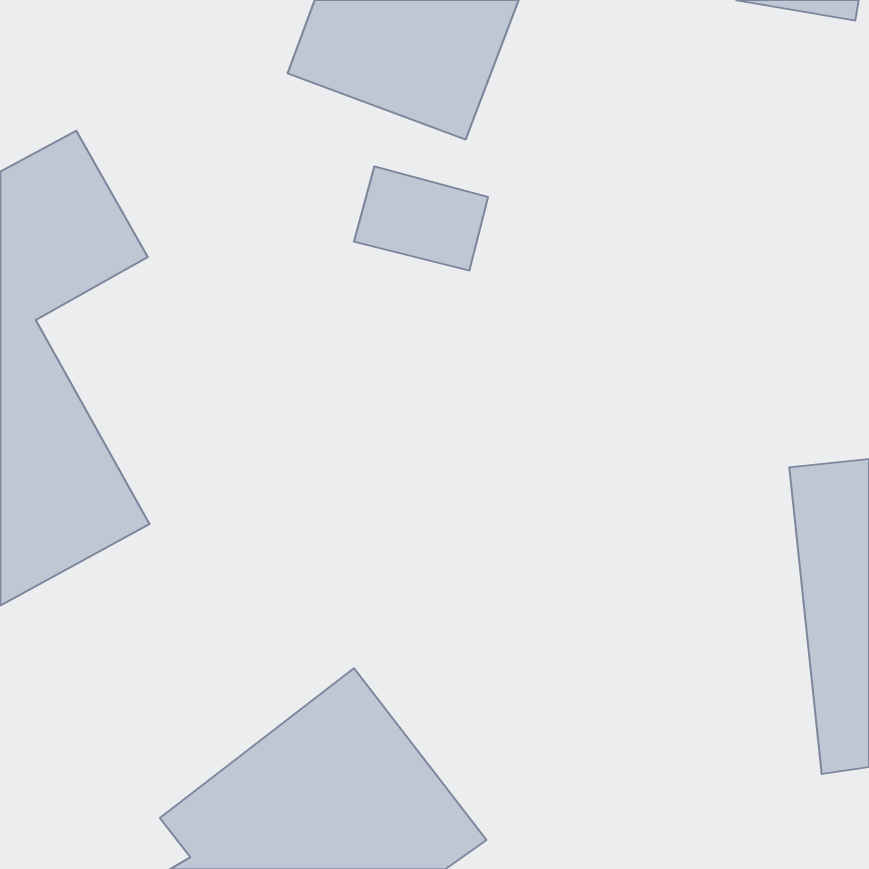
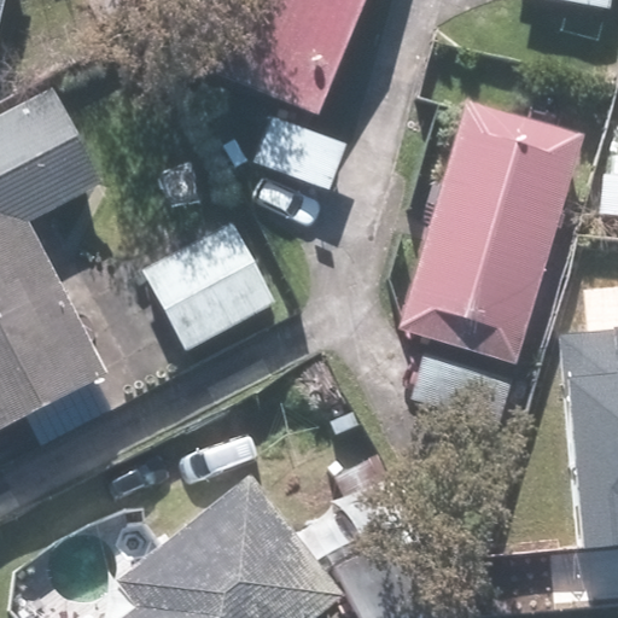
building: none -> [401,101,579,362]
building: none -> [142,222,280,355]

